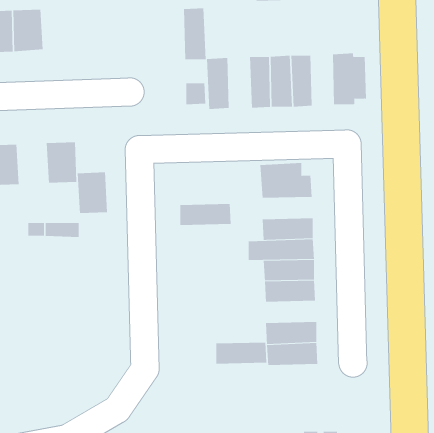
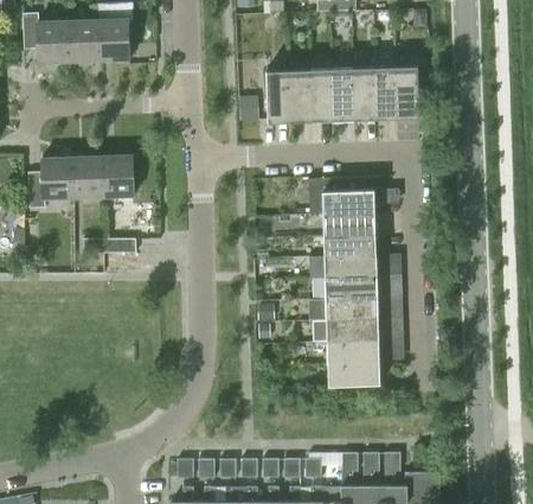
building: [183,8,206,60] -> [288,68,312,121]
building: none -> [96,18,128,60]
building: none -> [373,65,396,119]
building: [77,172,108,214] -> [71,157,103,199]
building: [180,204,231,225] -> [322,212,375,235]
building: [215,342,267,364] -> [326,319,379,342]

